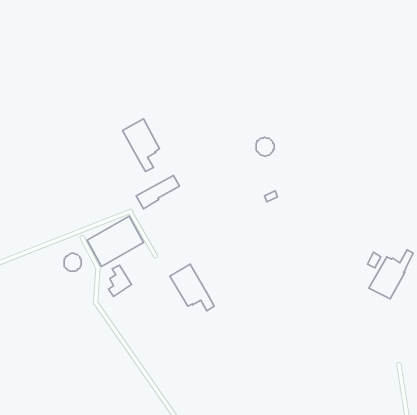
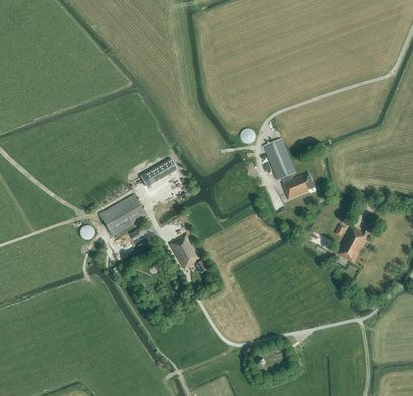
building: [122,119,160,171] -> none
building: none -> [263,137,315,199]

